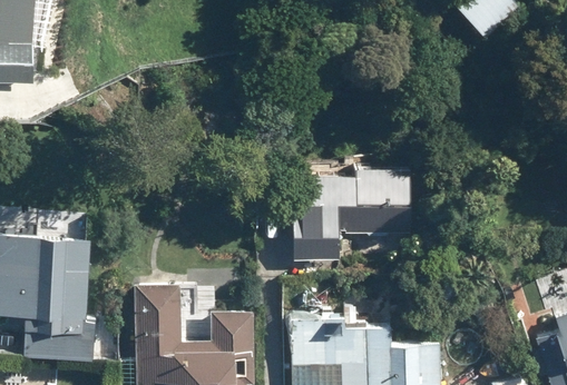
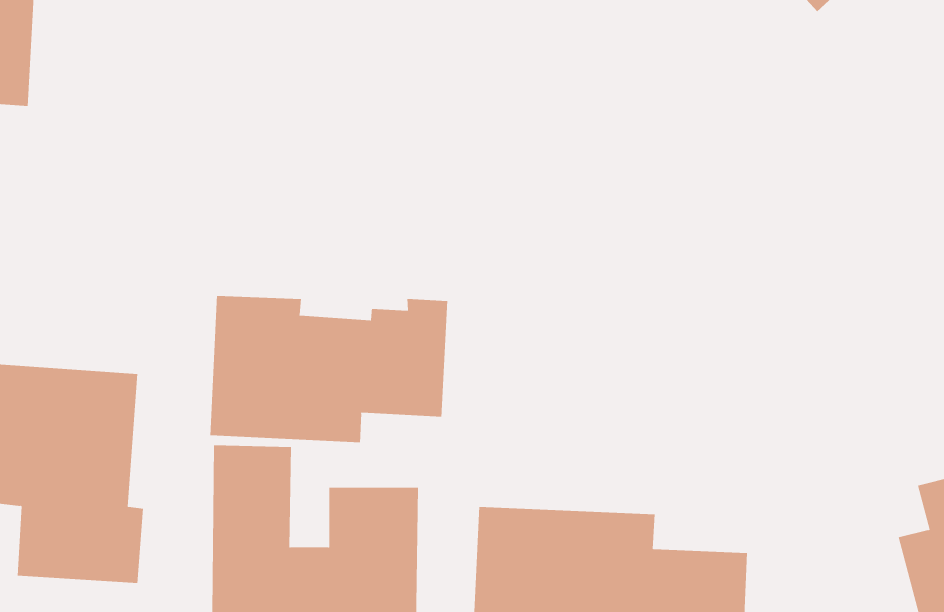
building: [291,159,414,258] -> none
building: none -> [210,295,448,443]

